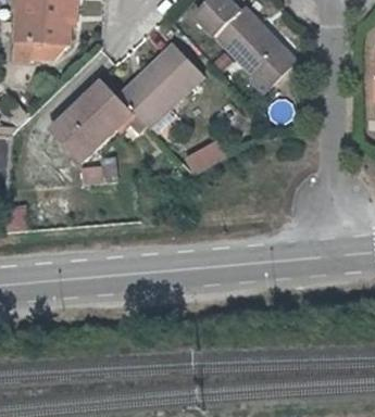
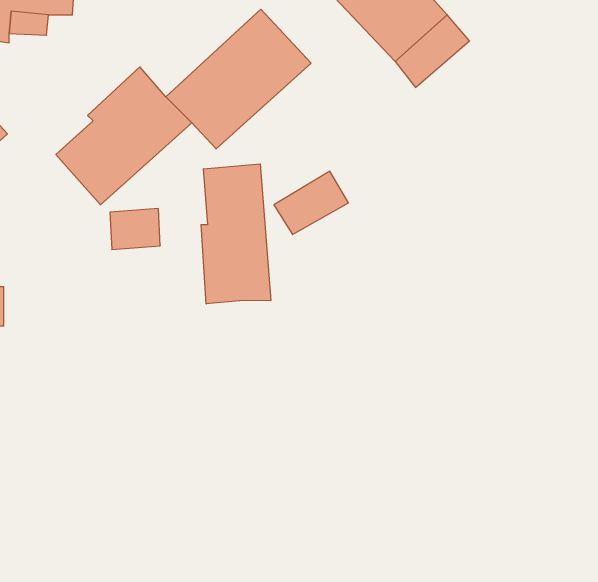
building: none -> [201,164,271,304]

